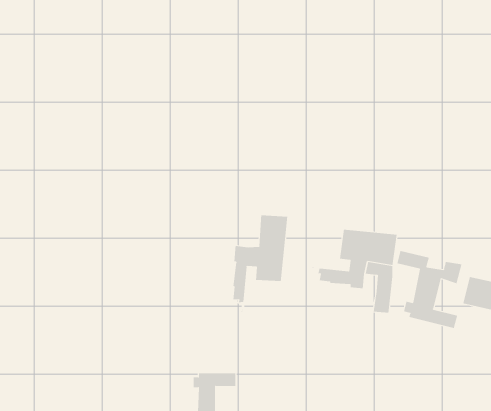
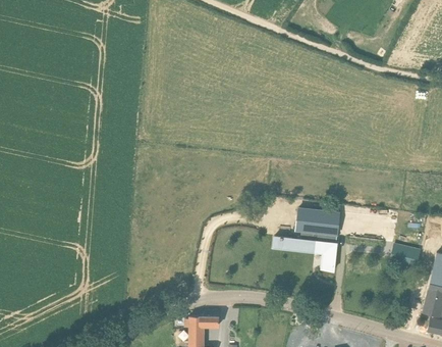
building: [233,215,288,313] -> none
building: [397,250,462,329] -> none

